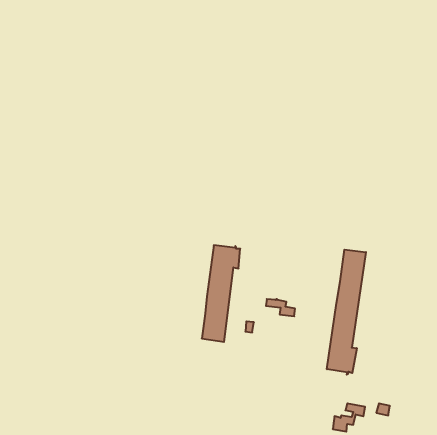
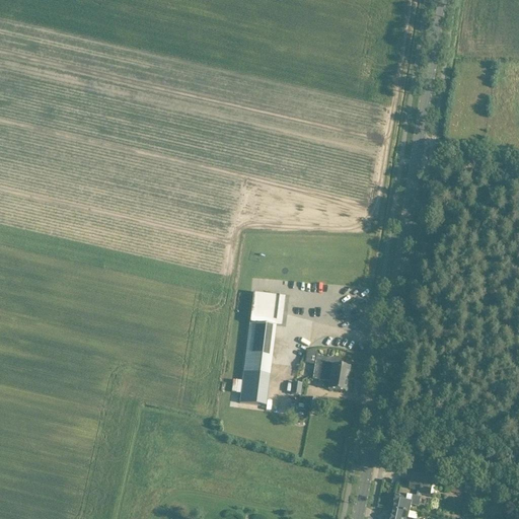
building: [327,250,366,375] -> none
building: none -> [313,363,349,390]

